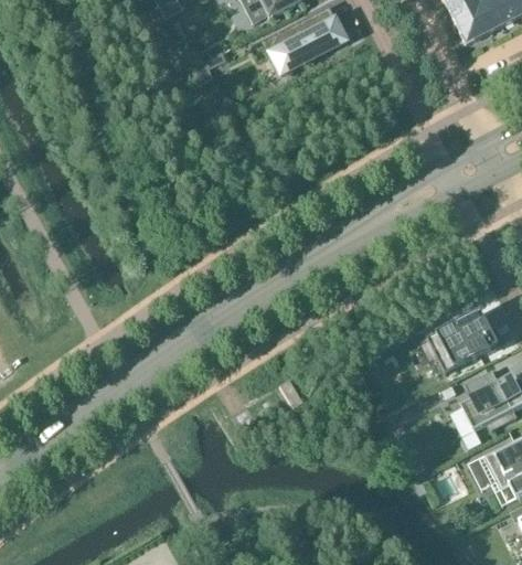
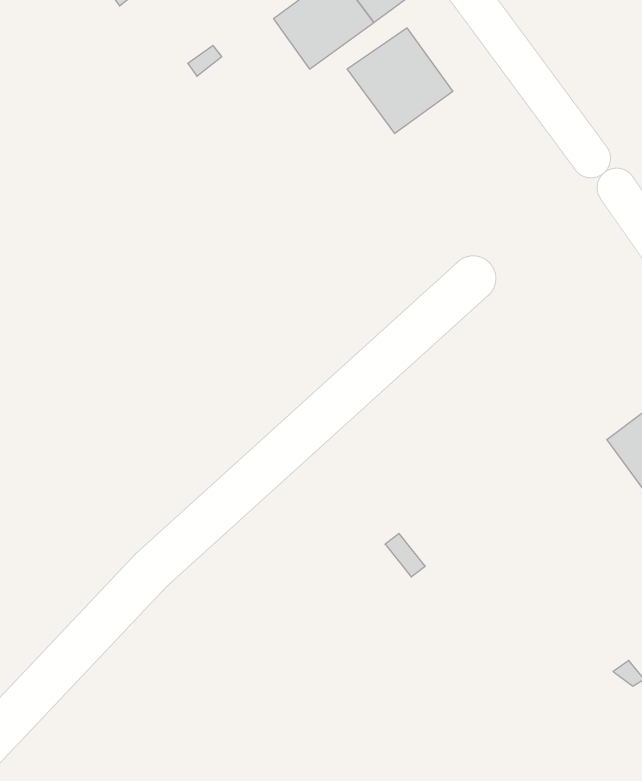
building: none -> [347,28,453,134]

